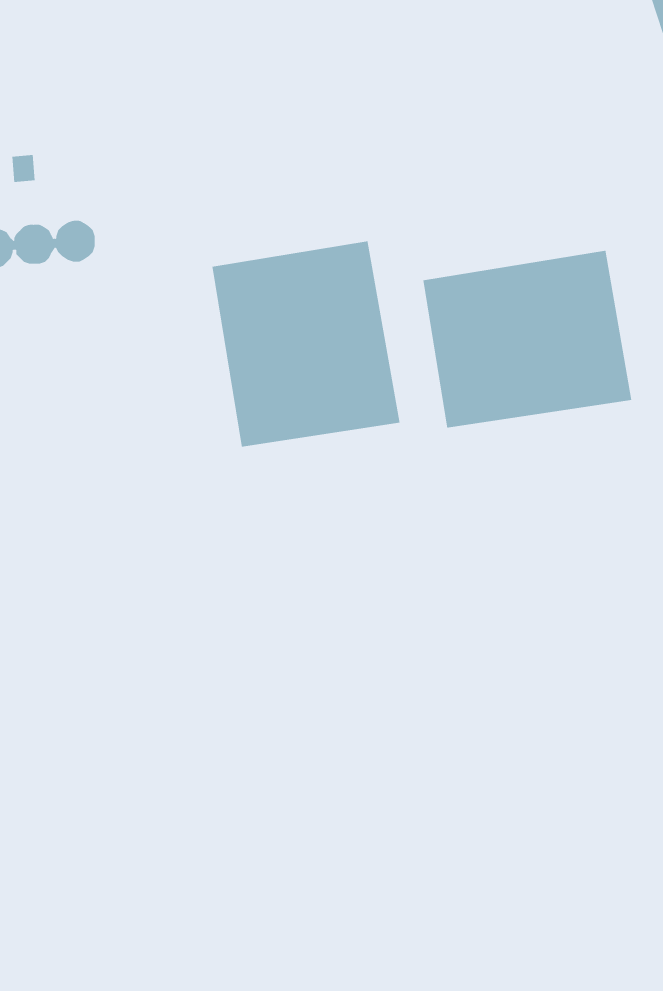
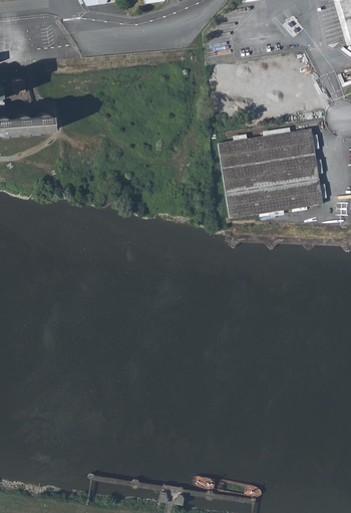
building: [212,241,400,448] -> none

